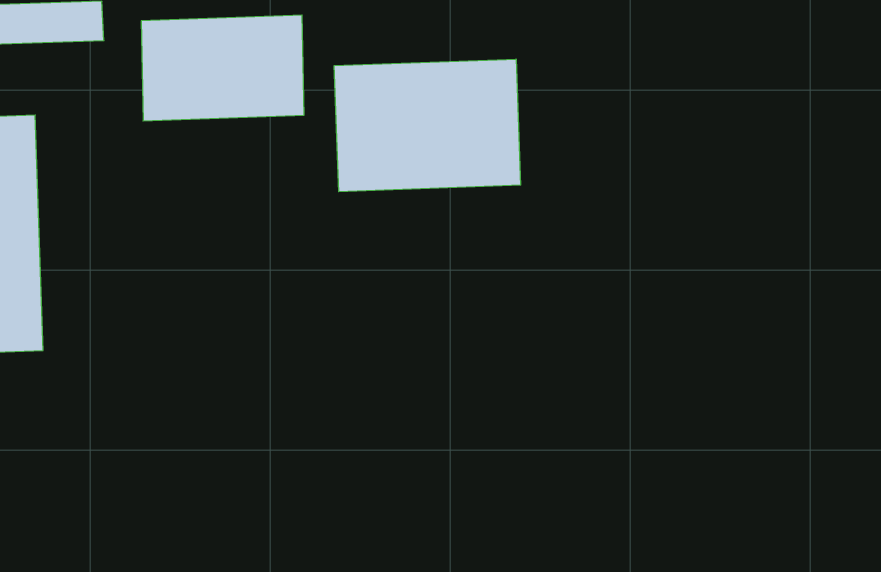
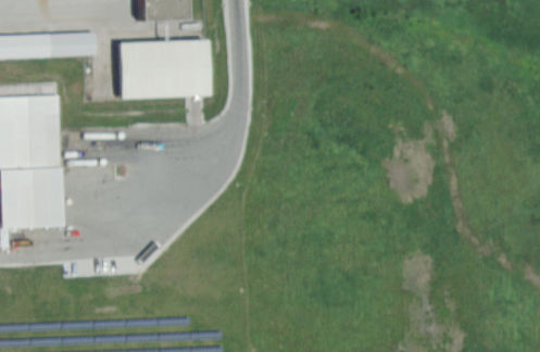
building: [334,59,521,192] -> none

